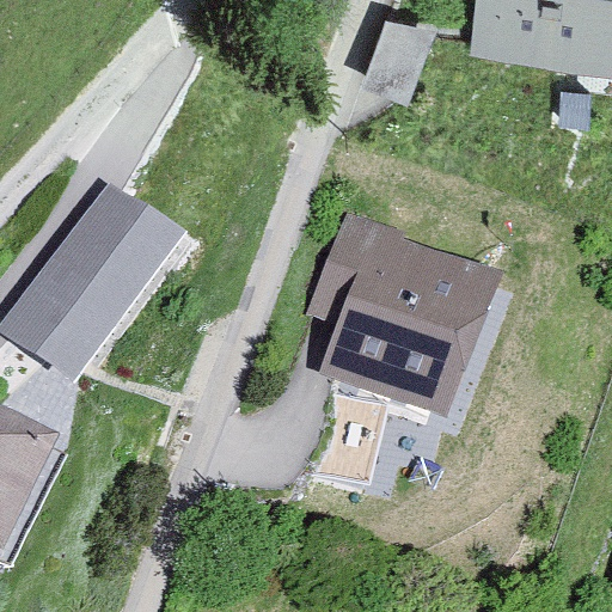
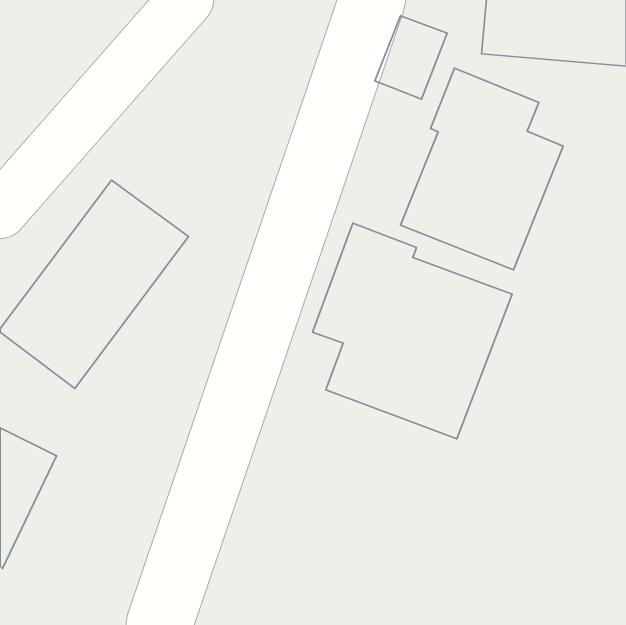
building: none -> [400,68,563,270]

